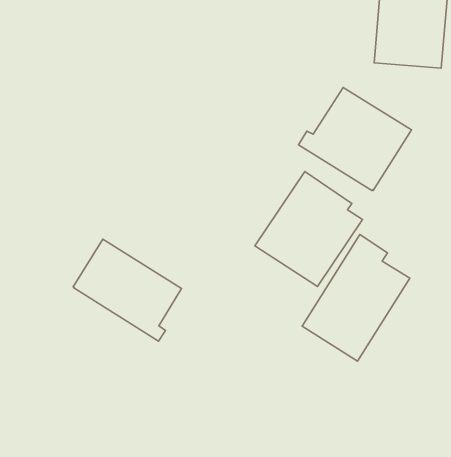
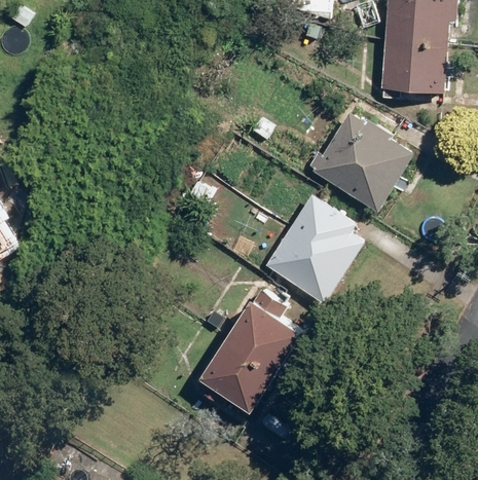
building: [302,235,410,361] -> [206,287,309,409]
building: [73,239,182,341] -> none

